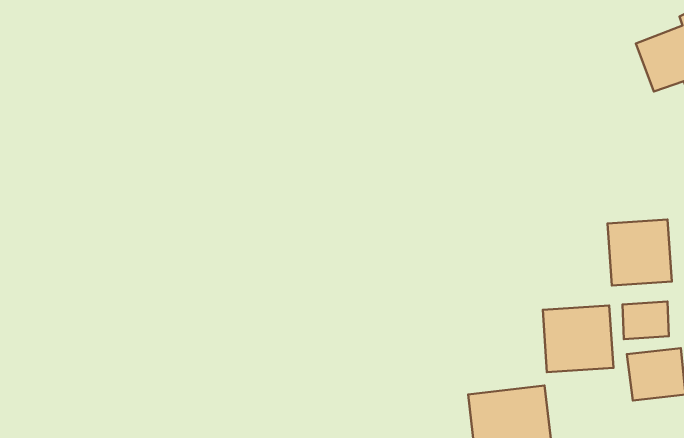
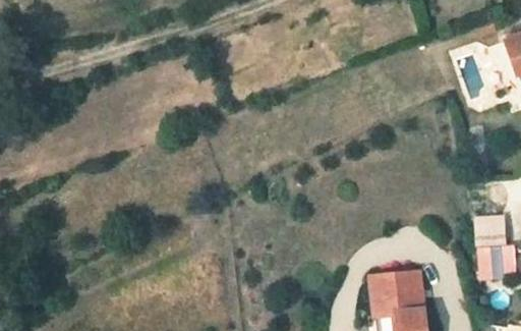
building: [608,220,672,285] -> none
building: [543,305,614,372] -> none

